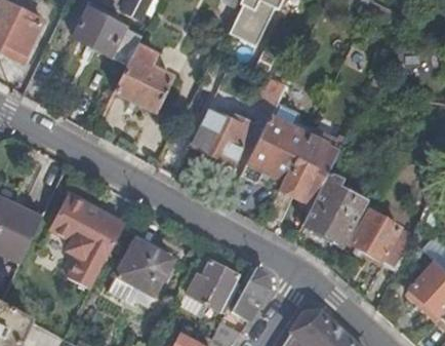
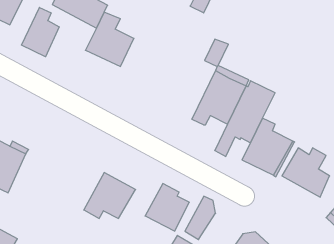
building: none -> [21,7,59,57]
building: [192,110,247,163] -> none
building: [50,196,125,290] -> none

